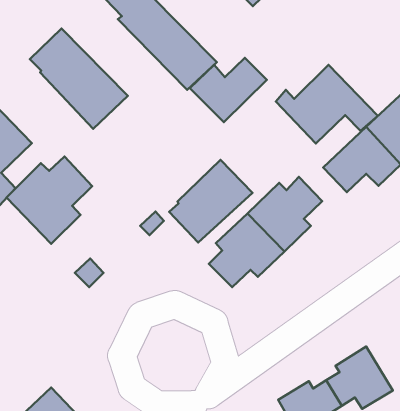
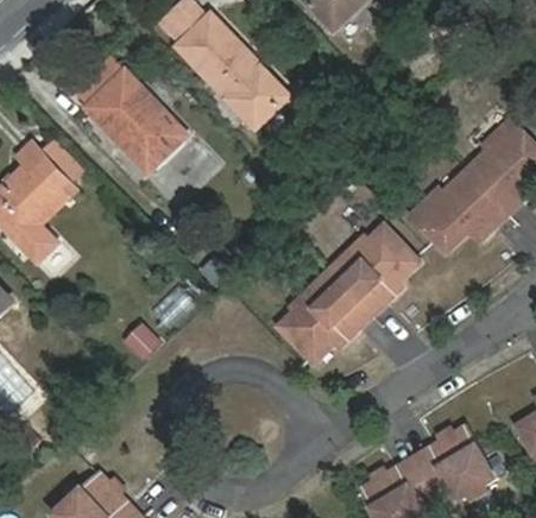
building: [190,58,267,122] -> none
building: [276,65,378,143] -> none
building: [7,157,92,244] -> none
building: [169,160,252,243] -> none

